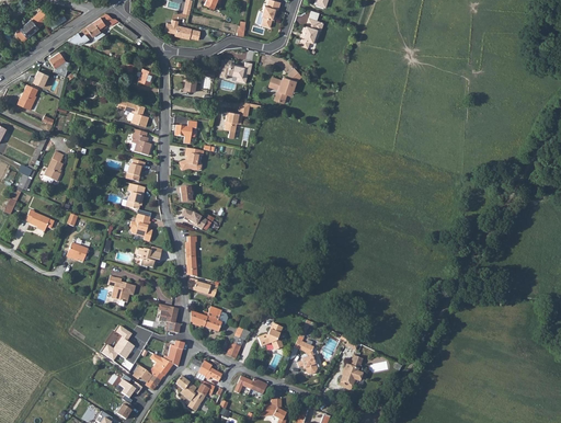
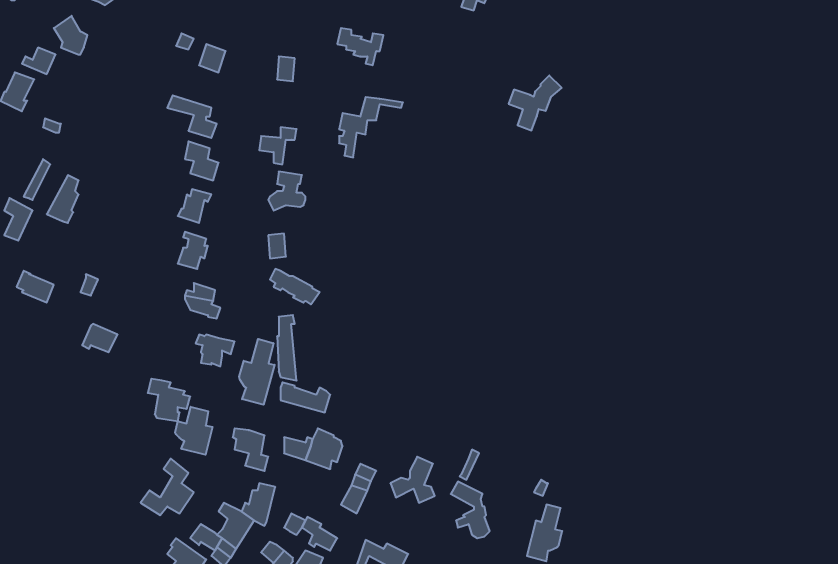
building: [270,68,302,102] -> [509,75,562,130]
building: none -> [239,339,275,405]
building: none -> [175,407,213,455]

